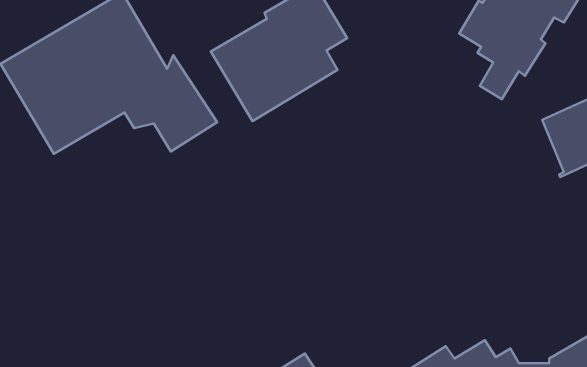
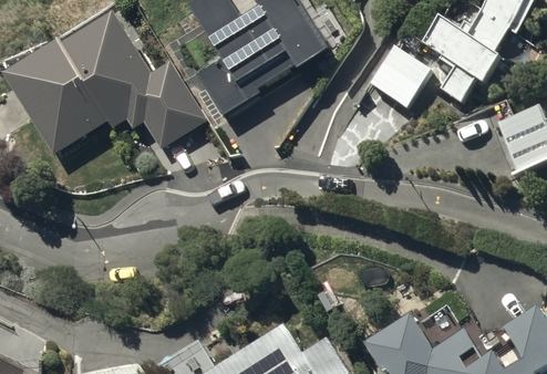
building: none -> [369,40,433,104]

